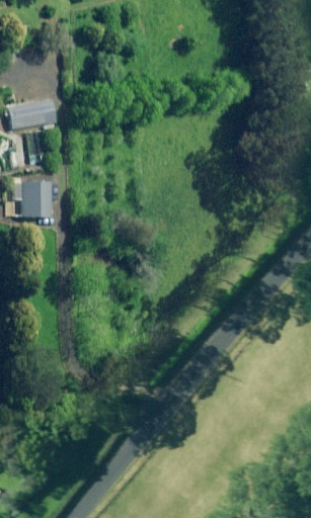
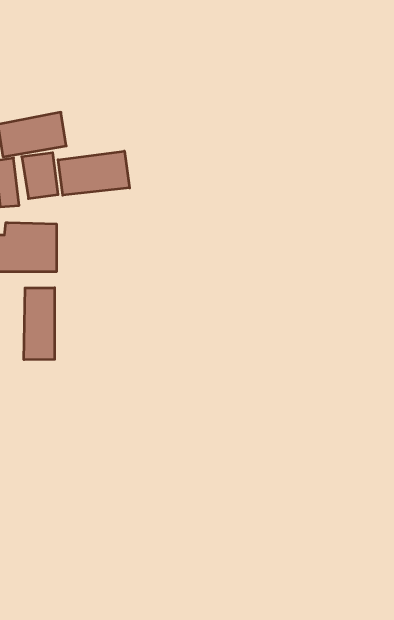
building: none -> [58,151,130,195]
building: none -> [24,288,55,360]

